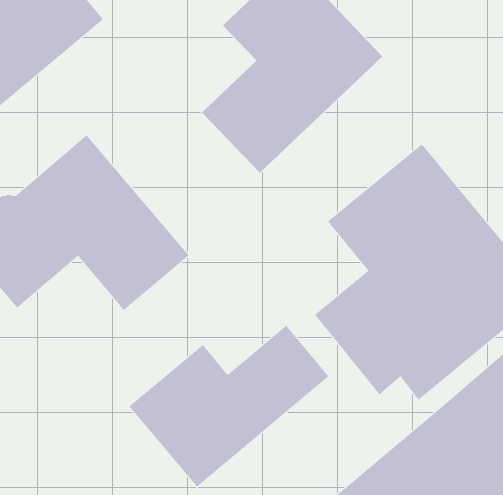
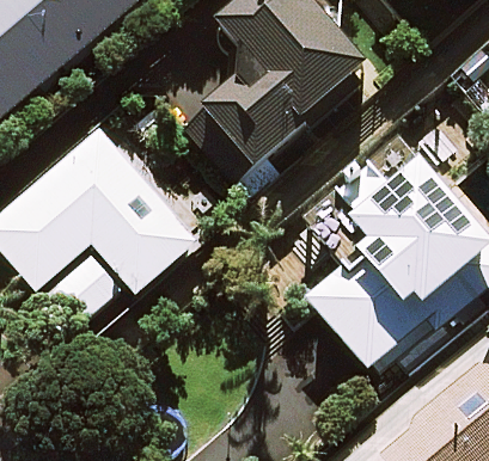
building: [128,325,329,488] -> none

